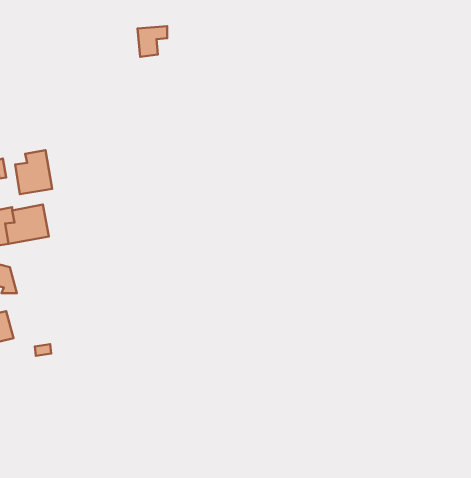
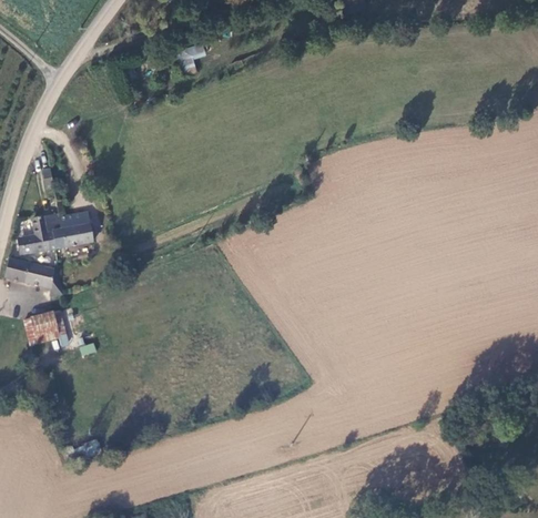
building: [15,150,52,194] -> none

